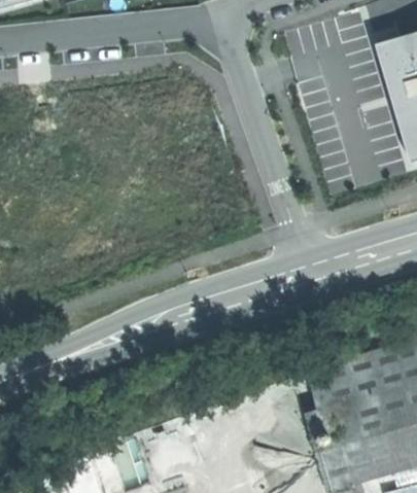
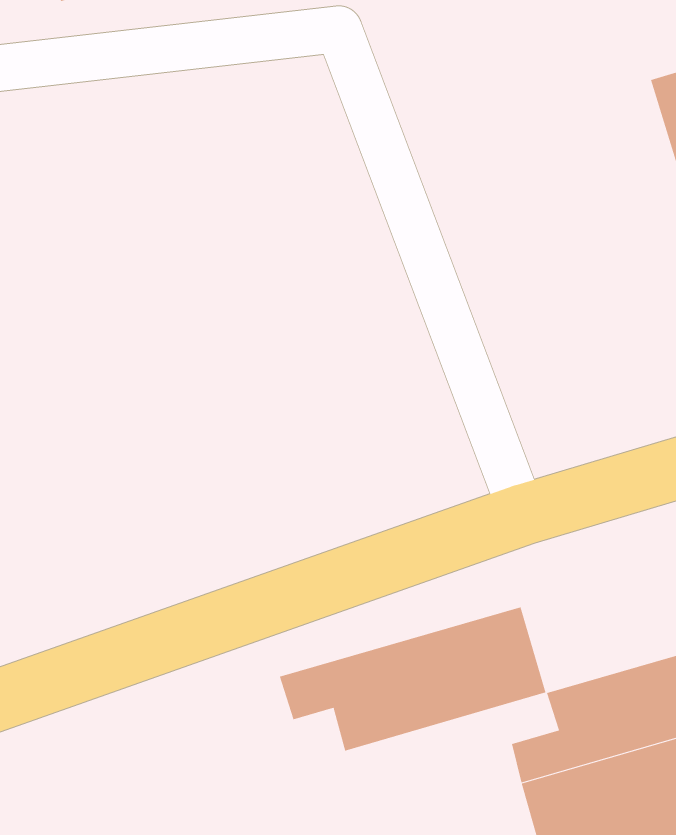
building: none -> [279,606,546,751]

